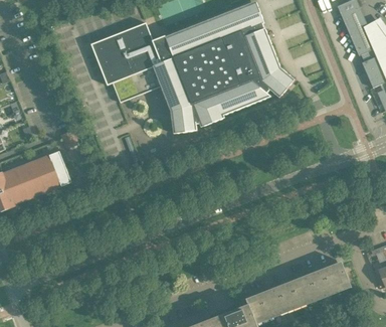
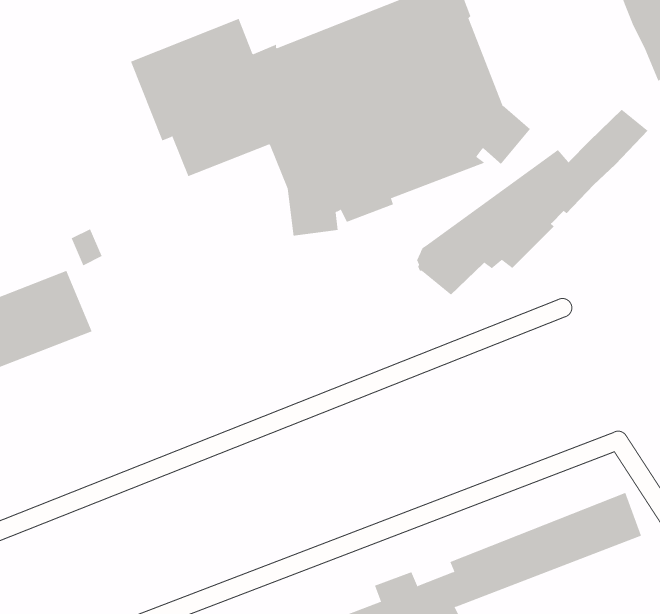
building: none -> [416,109,648,296]

